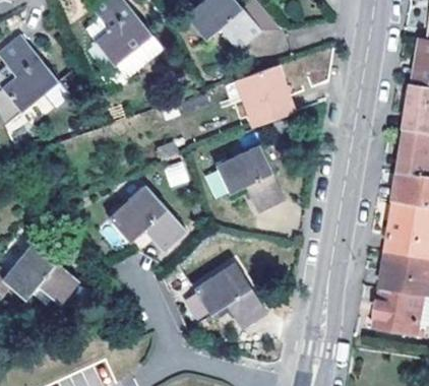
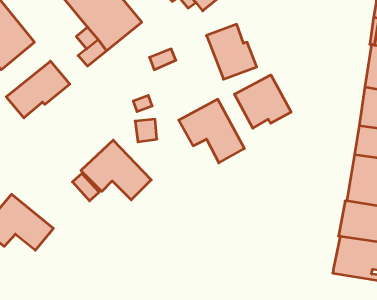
building: none -> [6,61,70,118]
building: none -> [234,75,291,128]
building: [192,261,264,328] -> none

